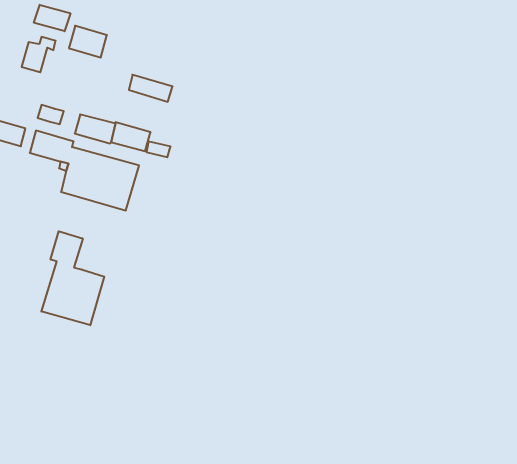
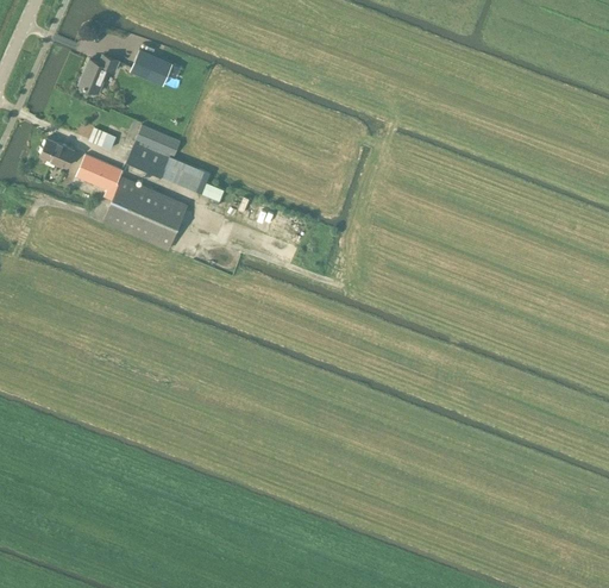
building: [34,5,70,31] -> none
building: [129,75,173,102] -> [134,124,181,157]
building: [41,231,104,325] -> none

